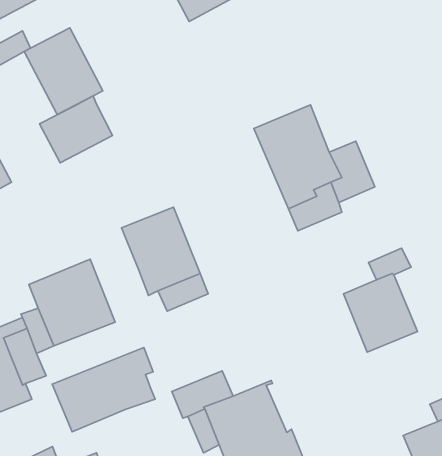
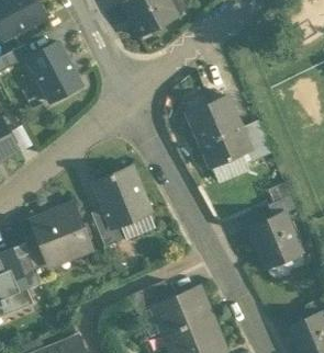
building: [40,96,113,163] -> none
building: none -> [92,210,126,247]
building: [52,347,155,432] -> none

